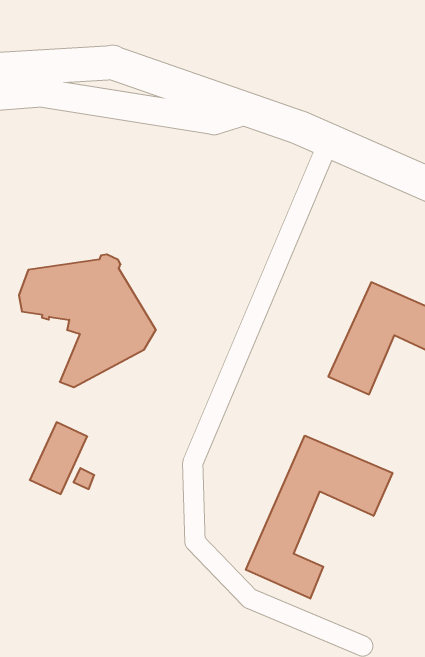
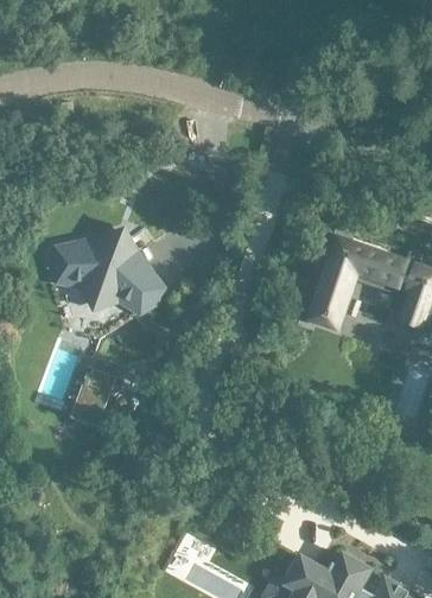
building: [246,436,392,599] -> none

